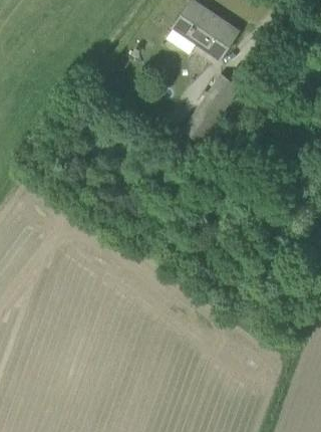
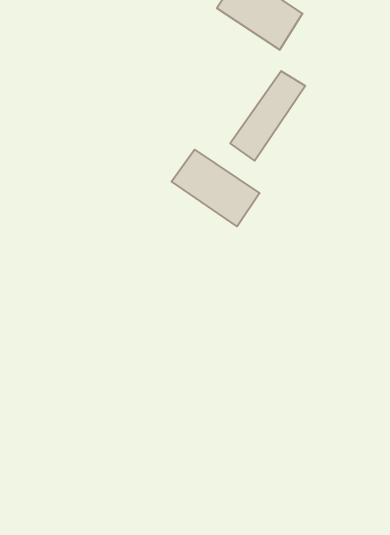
building: none -> [172,150,260,226]

